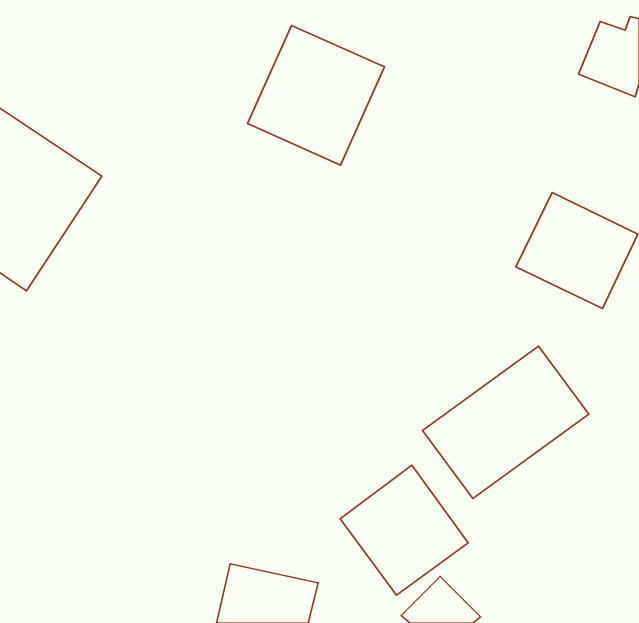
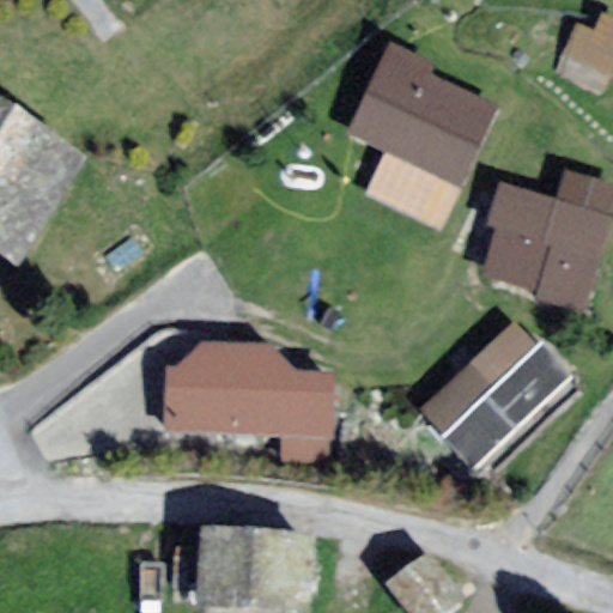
building: [247,25,384,165] -> [362,55,492,188]
building: none -> [180,345,340,457]
building: [340,465,468,595] -> none

